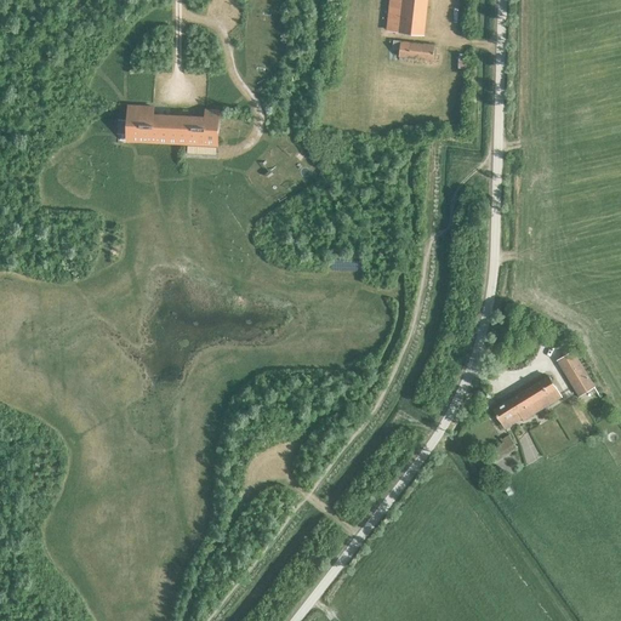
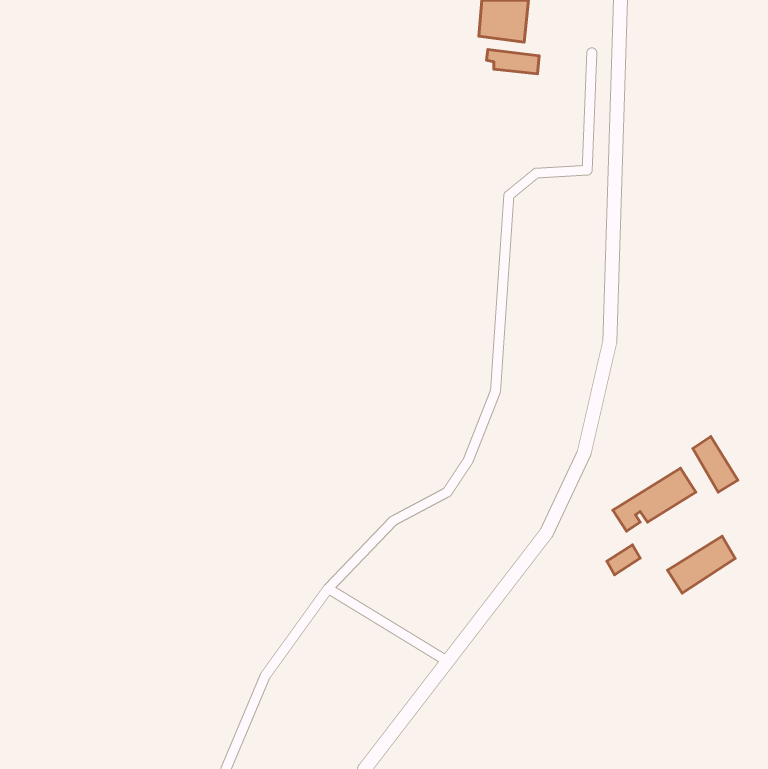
building: [127,106,218,146] -> none
building: none -> [668,536,735,593]

